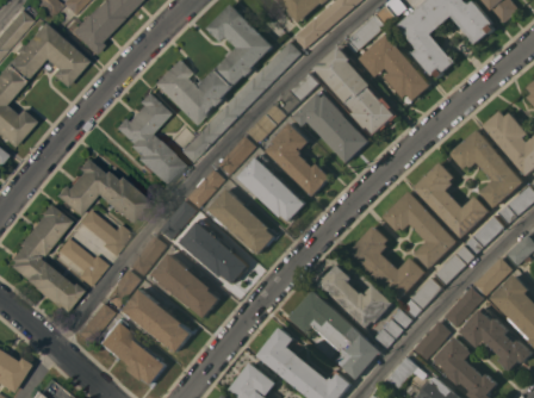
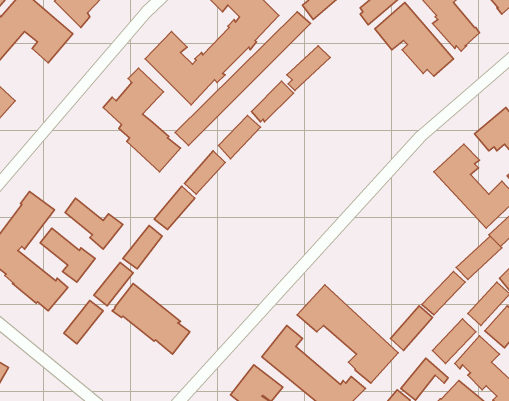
building: [316,45,398,135] -> none
building: [293,92,370,162] -> none
building: [267,123,331,195] -> none
building: [238,154,305,222] -> none
building: [54,160,148,224] -> none
building: [206,188,275,254] -> none
building: [384,191,458,268] -> none
building: [180,218,248,284] -> none
building: [349,225,427,300] -> none
building: [150,253,219,318] -> none
building: [319,263,393,328] -> none
building: [97,319,166,384] -> none

